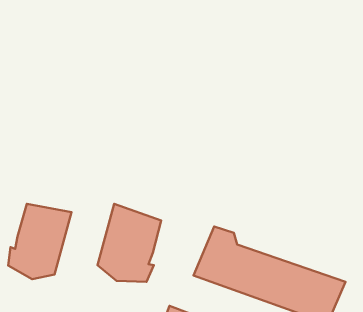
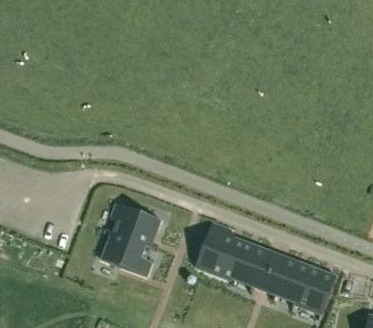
building: [8,204,71,279] -> none

